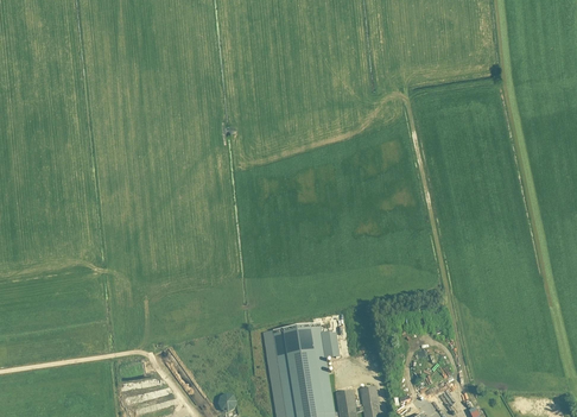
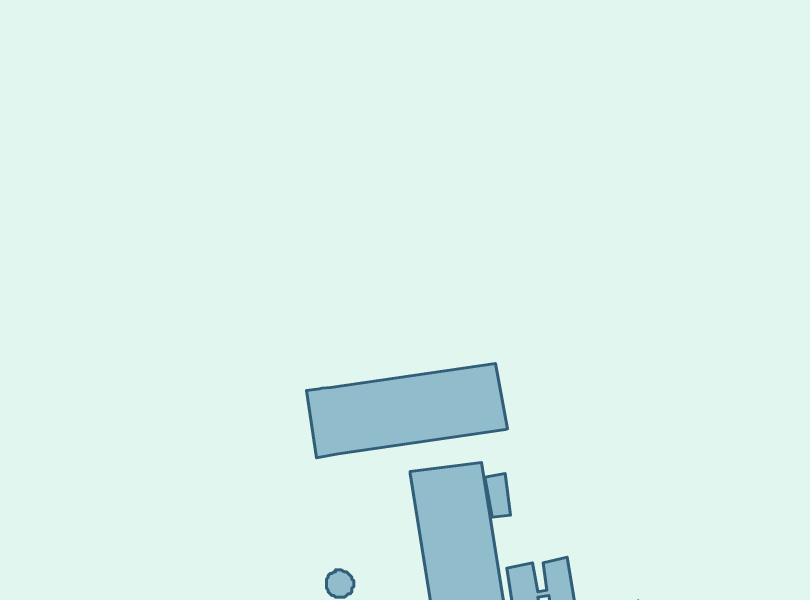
building: none -> [306,364,507,458]

